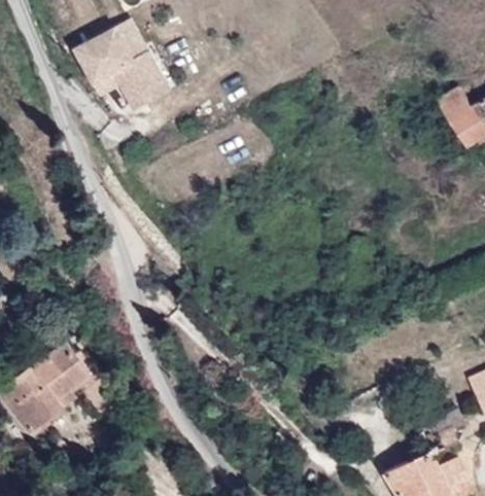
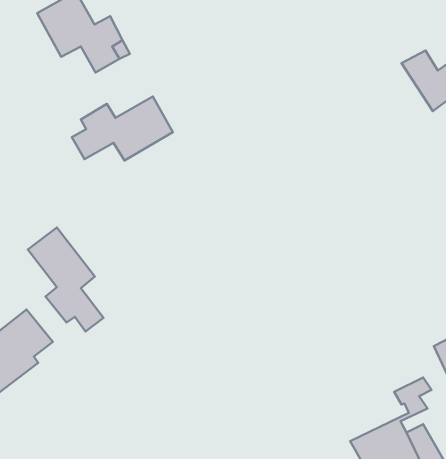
building: none -> [72,96,173,160]
building: none -> [28,227,103,331]

